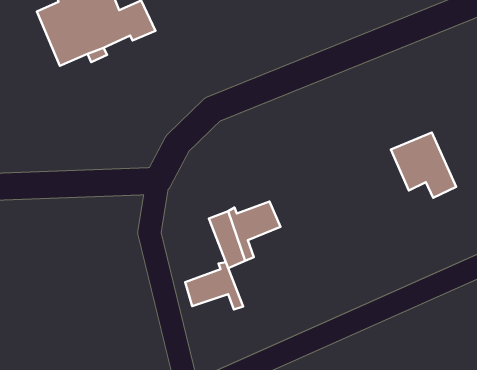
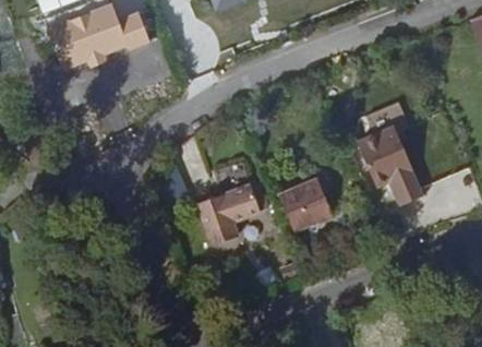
building: none -> [293,190,334,231]
building: [185,262,243,309] -> none

